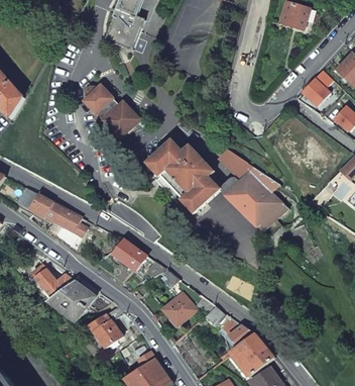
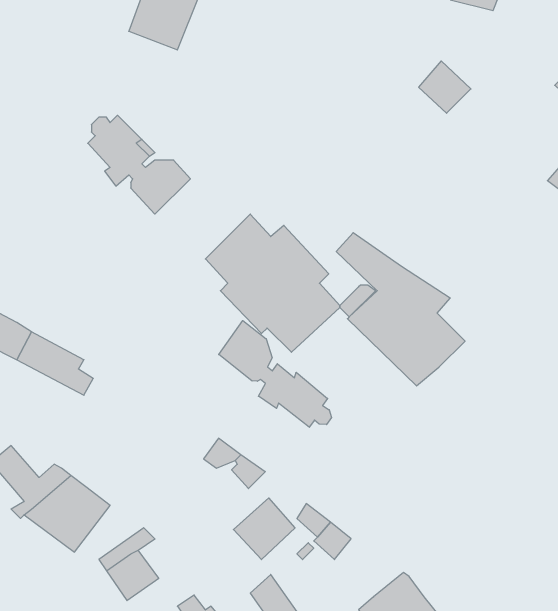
building: [301,78,329,106] -> [419,61,471,113]
building: none -> [219,321,332,427]
building: [112,239,146,271] -> none
building: [221,316,253,346] -> none

